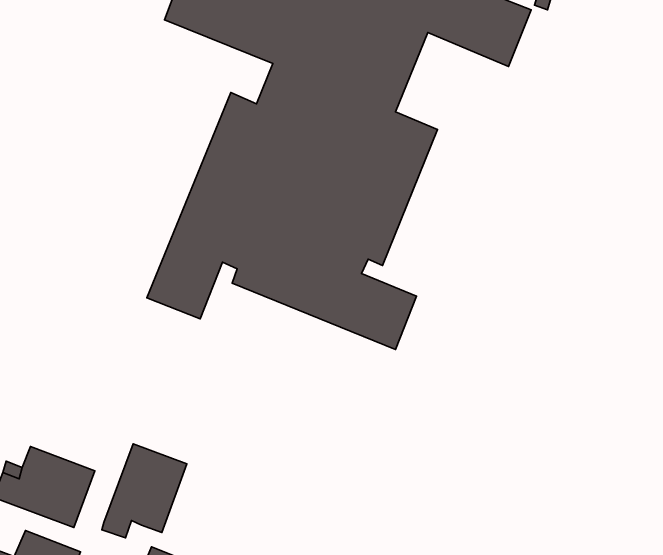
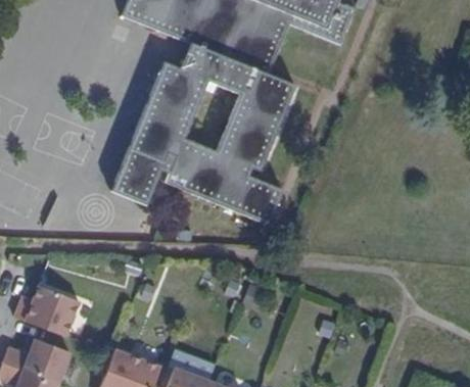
building: [102,444,187,538] -> none

